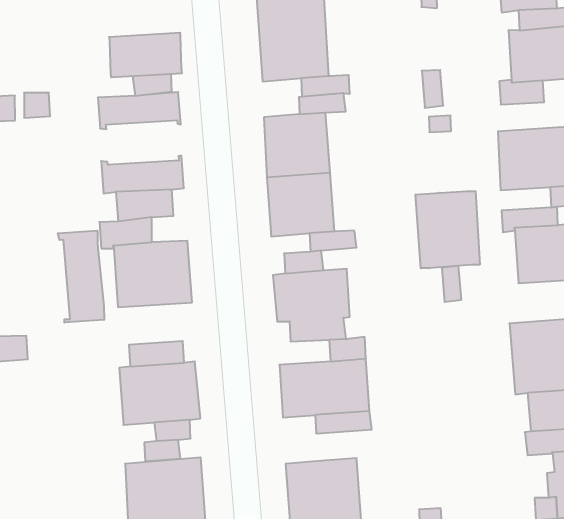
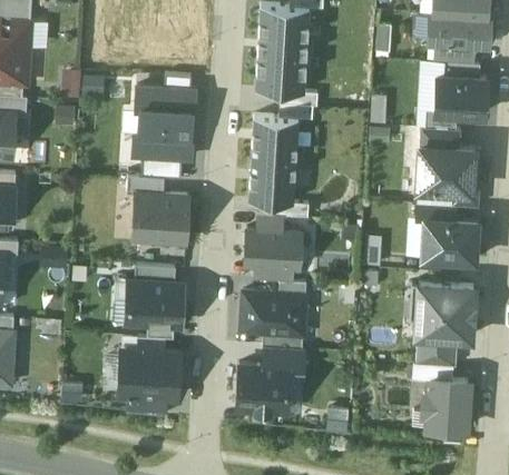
building: [109,33,182,77] -> [138,106,192,138]
building: none -> [420,127,460,148]
building: [415,191,480,268] -> none
building: [58,231,104,323] -> none
building: none -> [264,346,302,368]

